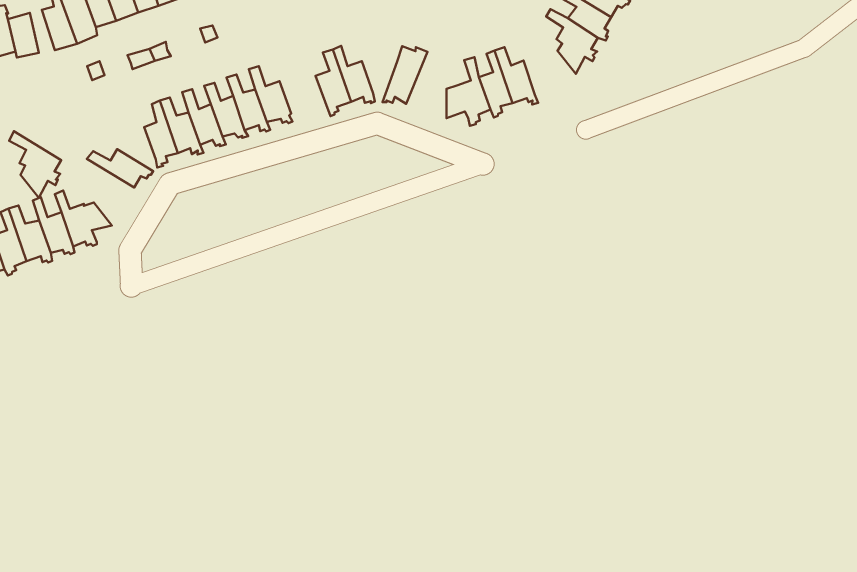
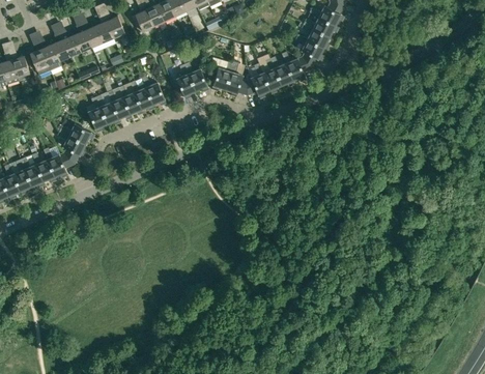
building: none -> [281,52,312,81]
building: none -> [224,62,246,97]
building: [9,131,61,198] -> [56,131,84,165]

